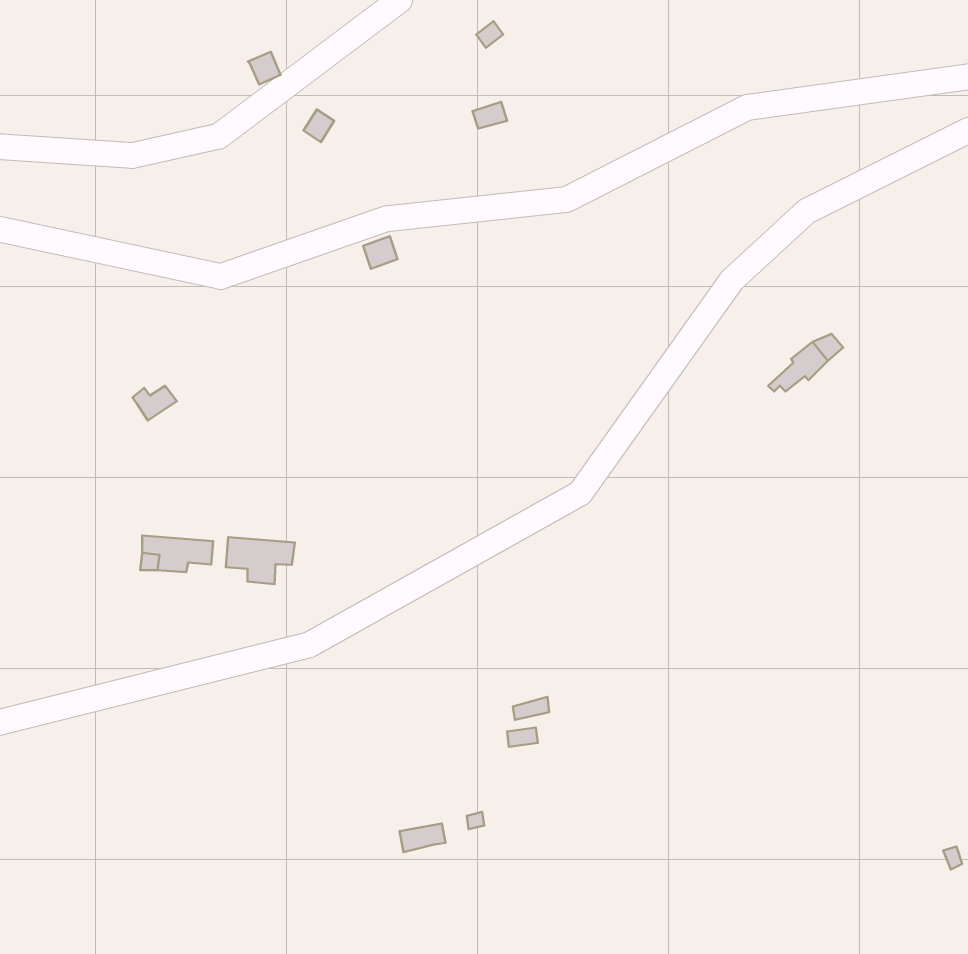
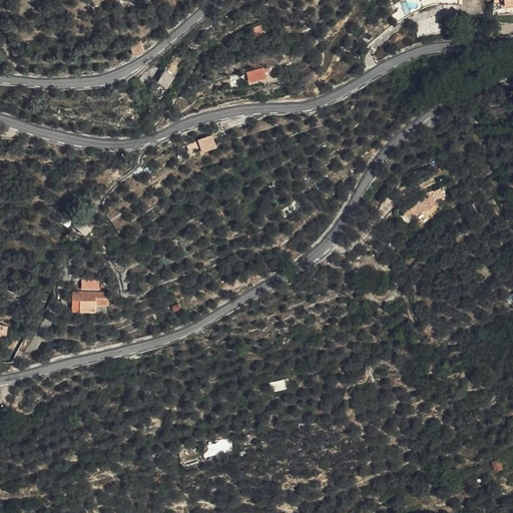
building: [226,537,295,584] -> none

